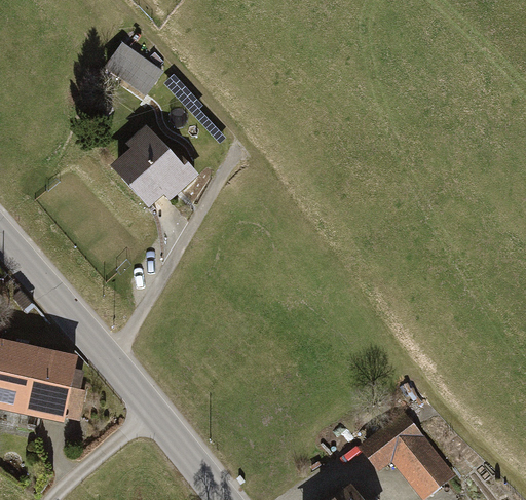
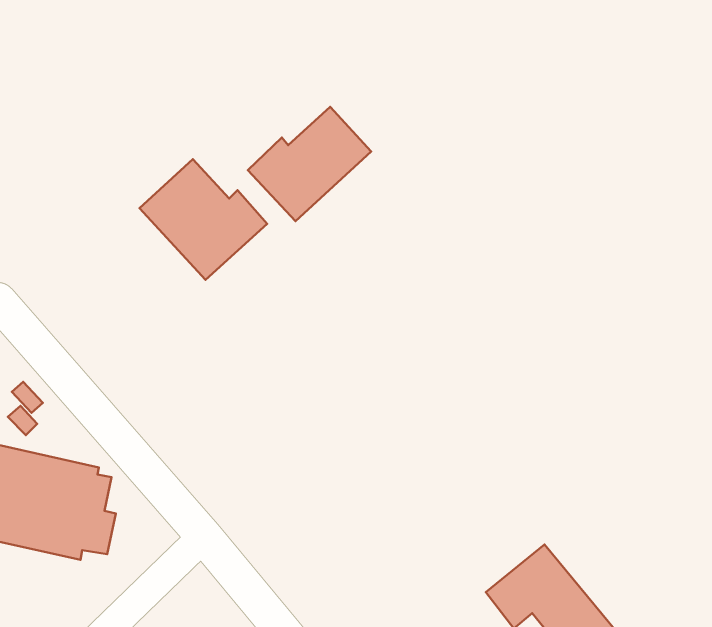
building: [102,41,162,98] -> none
building: none -> [248,107,371,221]

